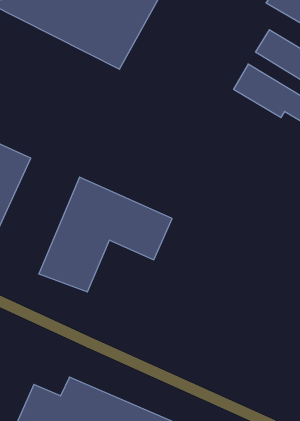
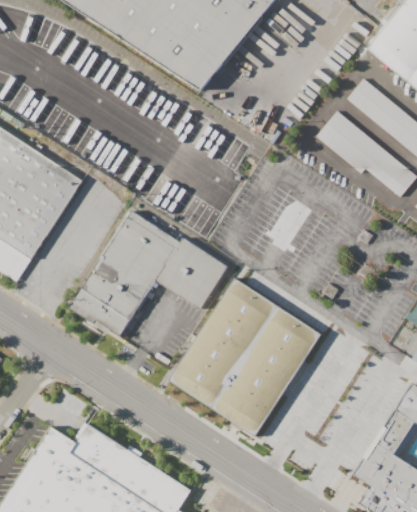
building: none -> [175,284,322,437]

